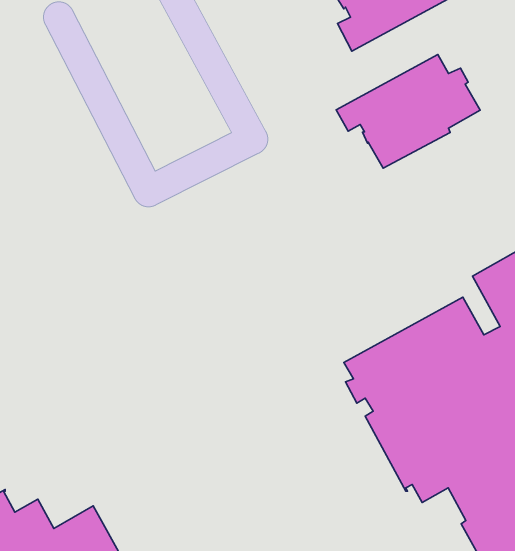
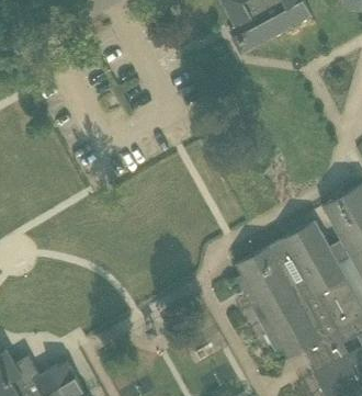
building: [336,54,480,168] -> none

